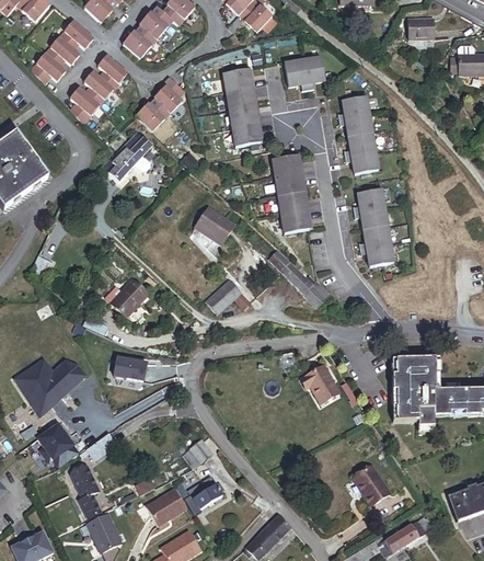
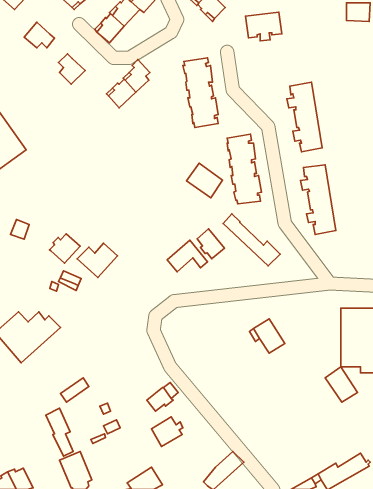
building: [60,20,94,48] -> none
building: [31,51,66,81] -> none
building: [100,55,128,89] -> none
building: [287,61,327,93] -> [246,12,282,41]
building: [69,85,99,121] -> none
building: [103,133,152,182] -> none
building: [195,208,235,247] -> [186,163,223,198]
building: none -> [197,229,224,259]
building: none -> [50,234,80,263]
building: [113,357,142,385] -> none
building: [37,425,78,468] -> none
building: [354,463,390,503] -> [325,367,357,402]
building: [146,491,186,527] -> none

